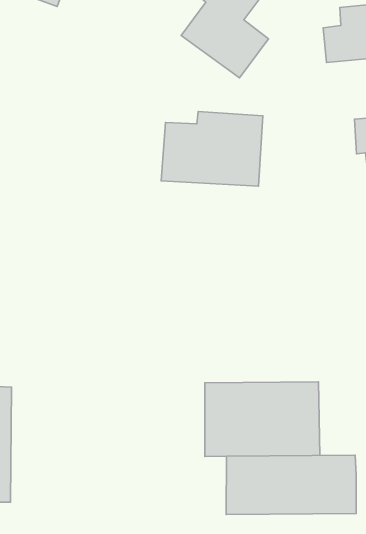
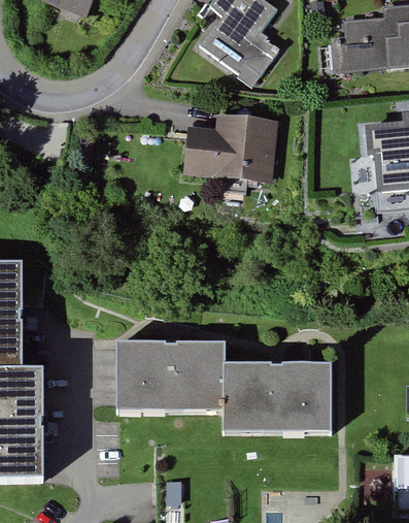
building: none -> [114,345,221,414]
building: [226,455,356,515] -> none

